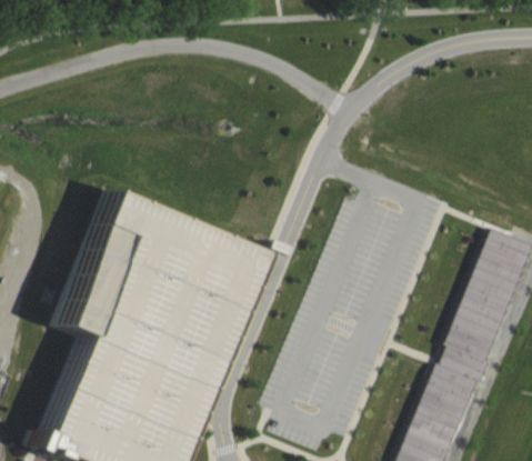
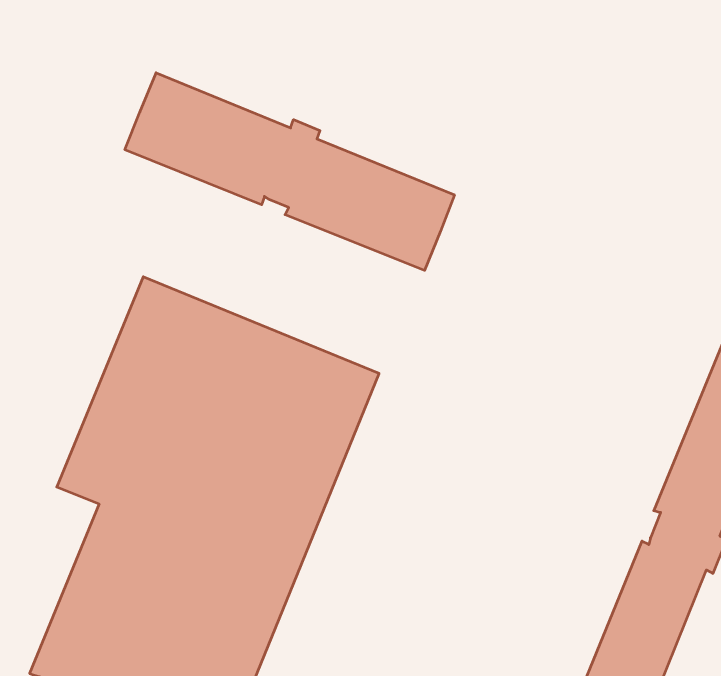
building: none -> [125,73,454,270]

